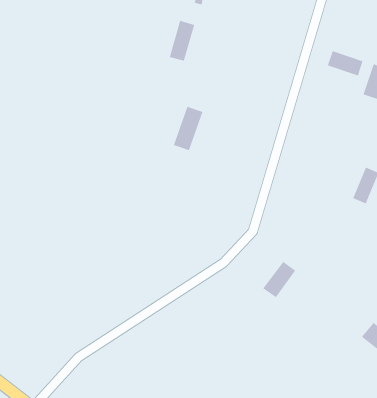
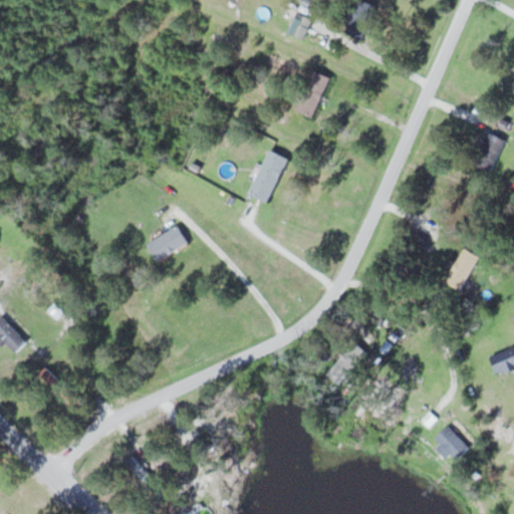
building: [169,20,195,61] -> [295,69,330,117]
building: [327,50,364,77] -> none
building: none -> [146,226,187,261]

